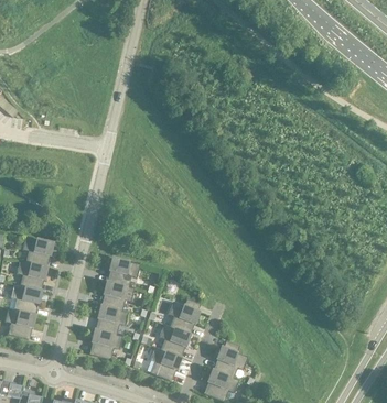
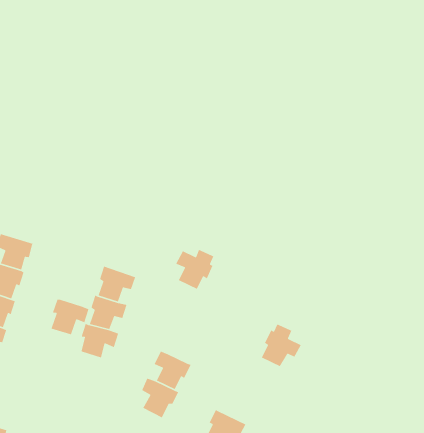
building: [166,298,200,333] -> [175,249,215,290]
building: [90,329,121,359] -> [51,299,90,336]
building: [214,340,247,377] -> [261,323,302,367]

